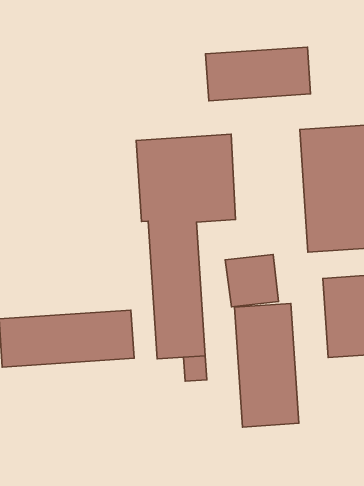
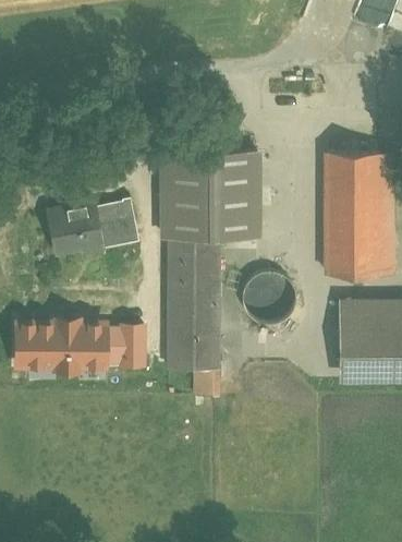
building: [206,47,311,101] -> none
building: none -> [47,202,138,254]
building: [235,303,299,427] -> none

